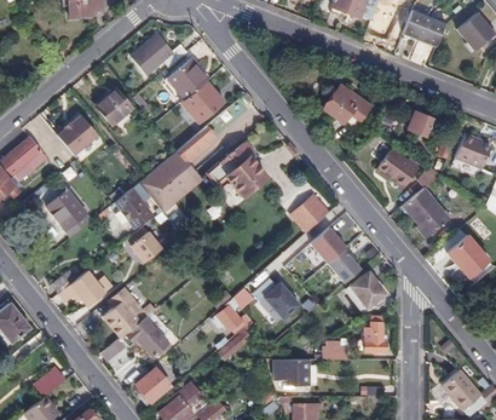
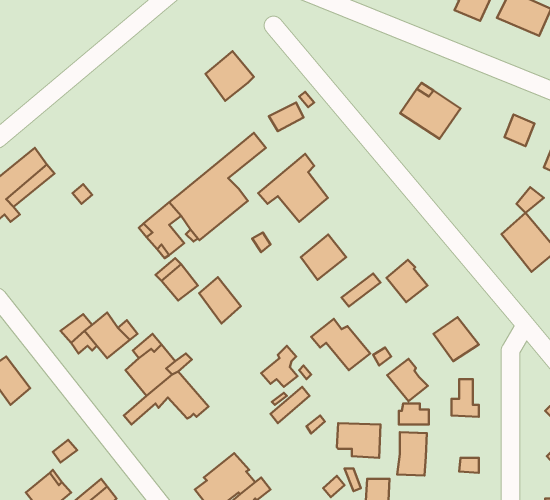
building: [132,34,186,73] -> none
building: [181,85,219,122] -> none
building: [94,87,132,123] -> none
building: [56,115,96,153] -> none
building: [376,150,419,190] -> none
building: [46,189,92,236] -> none
building: [294,195,330,231] -> [301,234,346,280]
building: none -> [199,277,241,324]
building: [329,247,362,281] -> [387,359,428,401]
building: none -> [397,432,427,476]
building: [137,367,172,401] -> none

